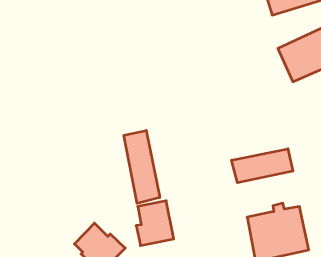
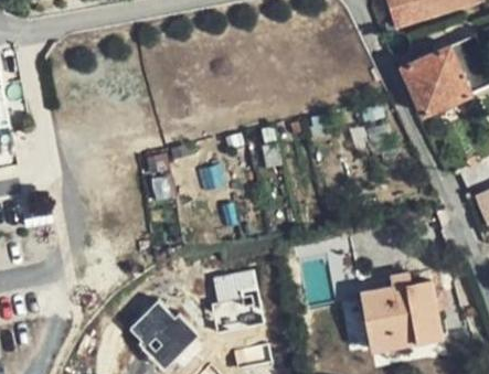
building: [124,130,160,203] -> none
building: [232,149,293,183] -> none

